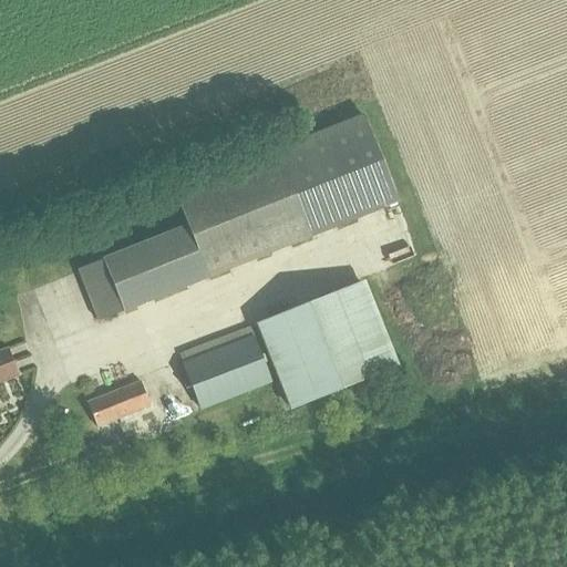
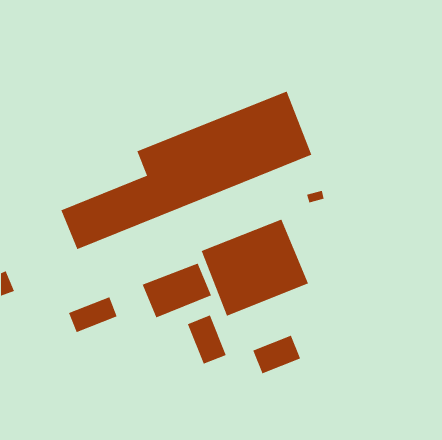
building: none -> [187,314,226,365]
building: none -> [253,335,301,374]

